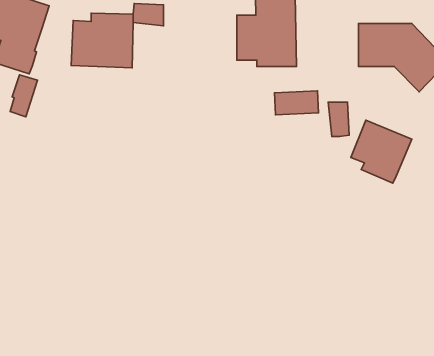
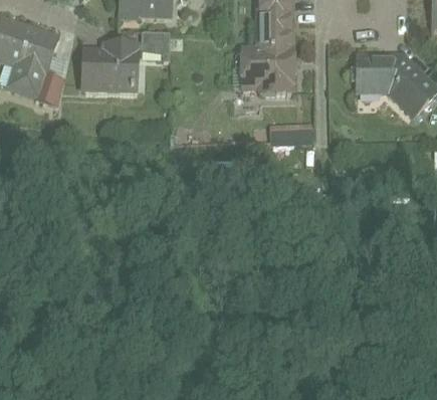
building: [10,75,37,117] -> [42,57,68,97]
building: [328,102,349,136] -> none
building: [351,120,412,183] -> none

